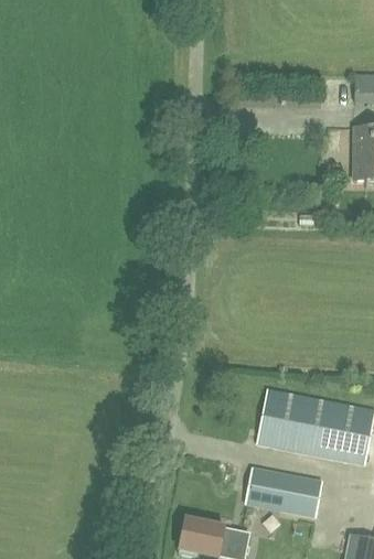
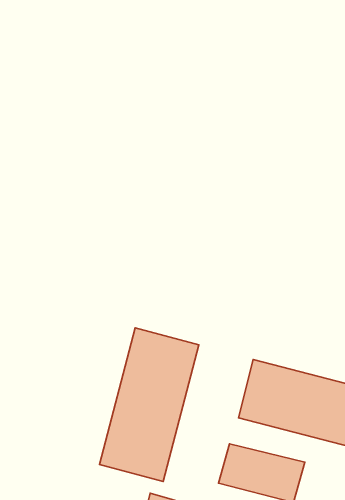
building: none -> [100,328,199,481]

